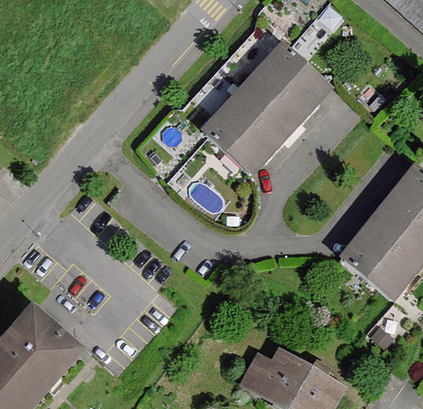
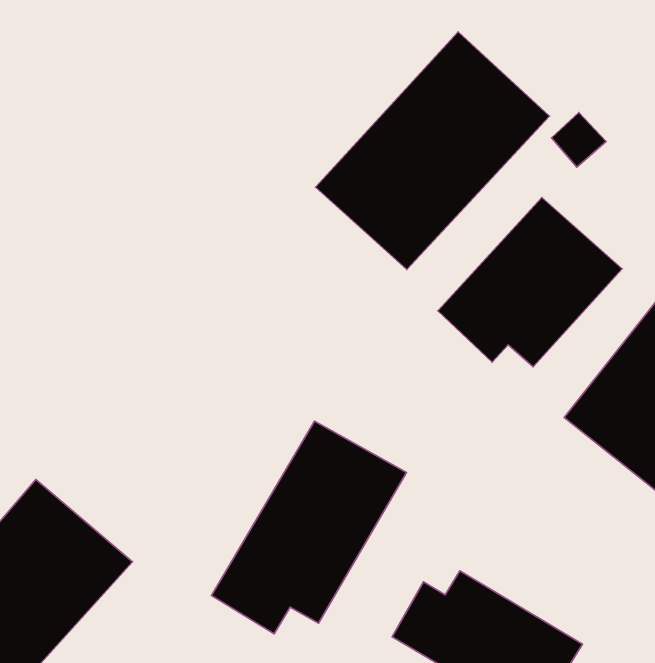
building: none -> [438,198,622,367]
building: none -> [212,421,406,634]

